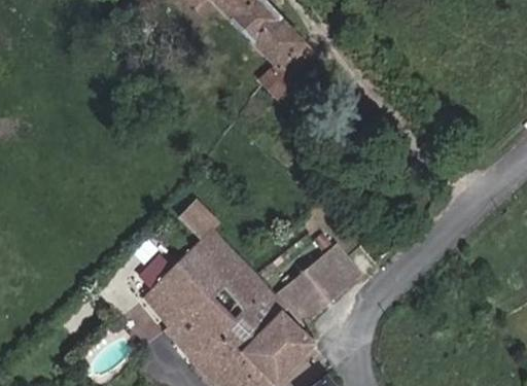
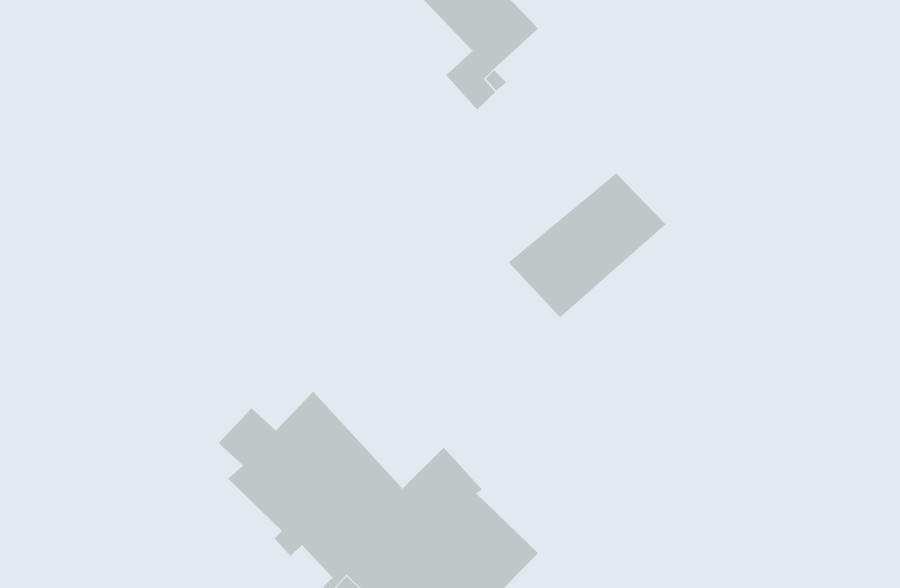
building: [180,201,262,306] -> none
building: [276,244,363,324] -> [508,172,667,318]

